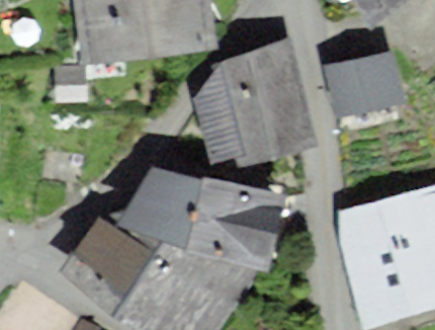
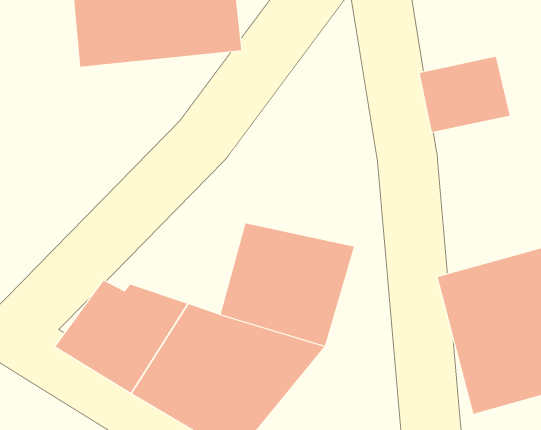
building: [200,49,308,157] -> none
building: [118,167,202,244] -> none

